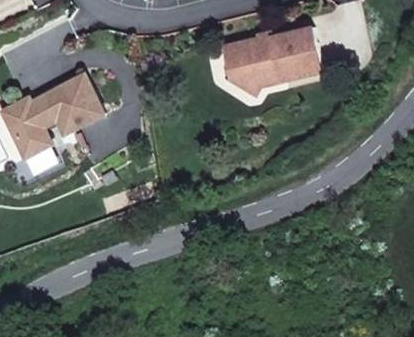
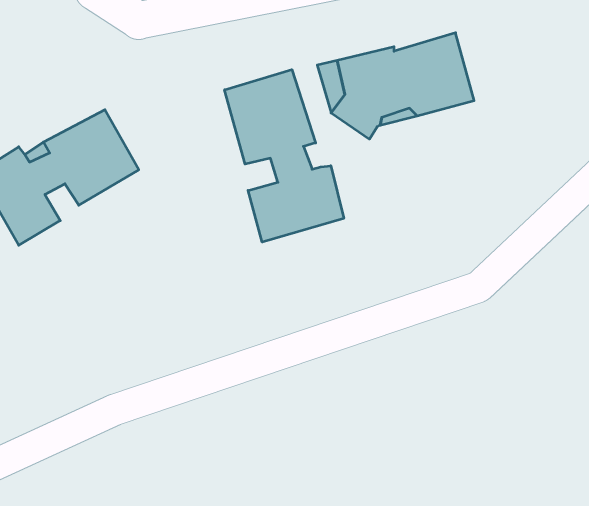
building: none -> [225,70,344,242]

